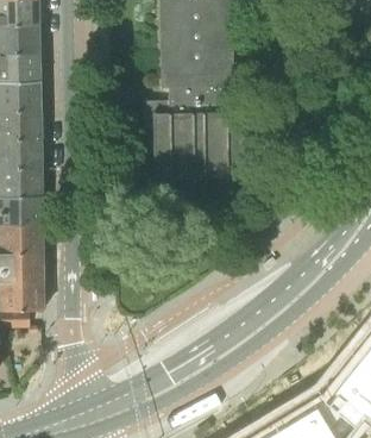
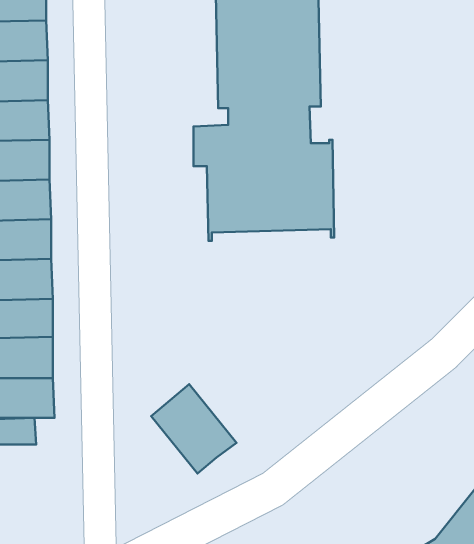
building: none -> [151,384,237,474]

